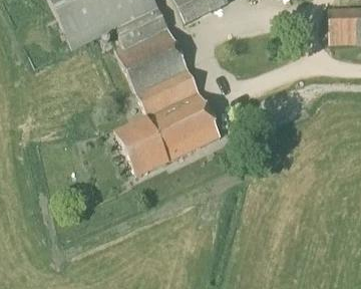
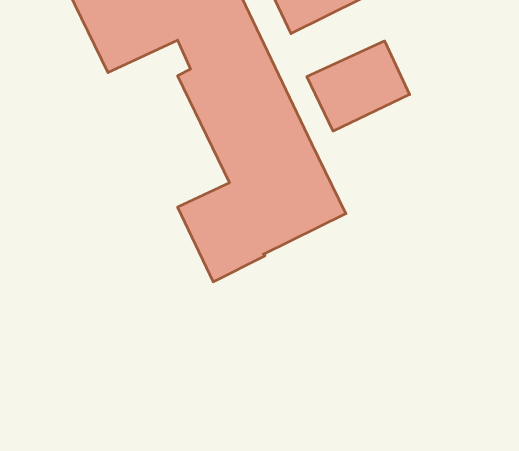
building: none -> [307,41,410,131]

